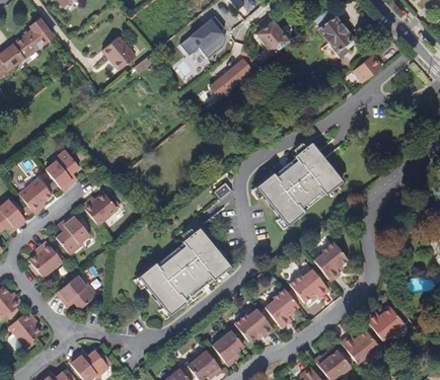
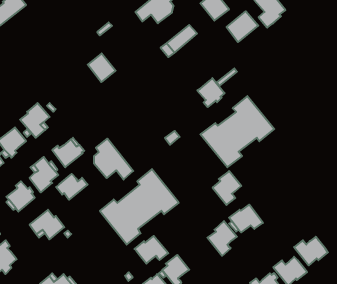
building: [102,36,135,70] -> [88,53,116,82]
building: none -> [227,11,258,42]
building: [353,55,382,82] -> none
building: none -> [197,78,225,107]
building: none -> [94,139,133,180]
building: none -> [56,174,88,200]
building: [314,241,348,281] -> [213,171,241,205]
building: [234,308,274,340] -> [134,236,168,264]

